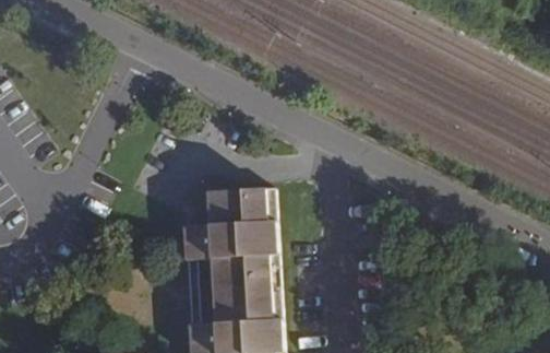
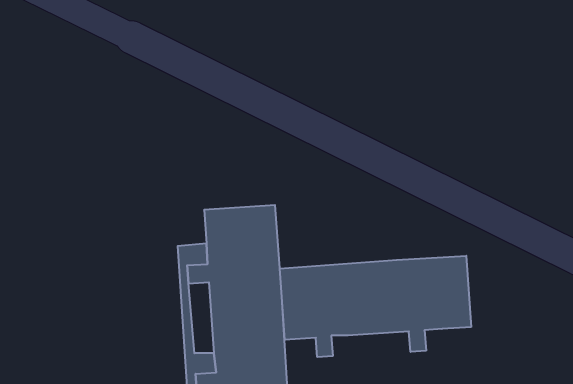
building: none -> [280,256,471,357]

